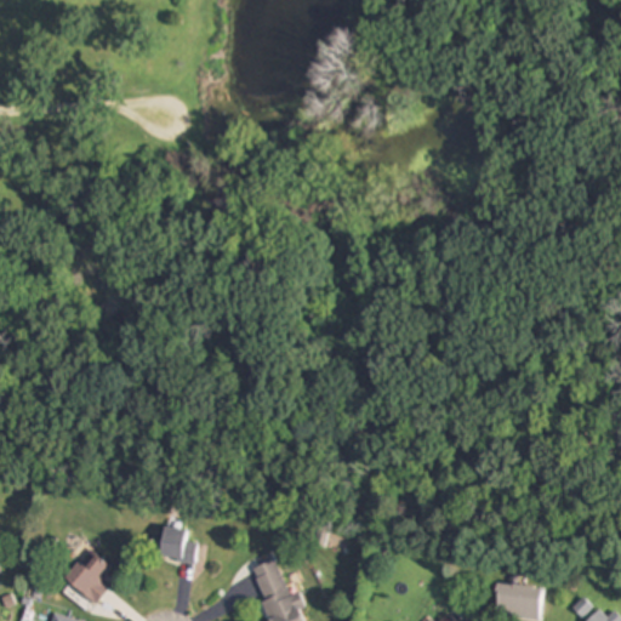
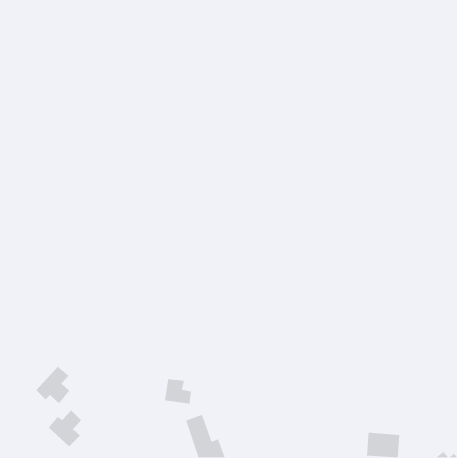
building: none -> [35,366,70,404]
building: [158,525,195,560] -> [164,378,192,405]

